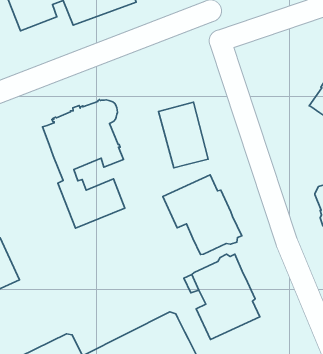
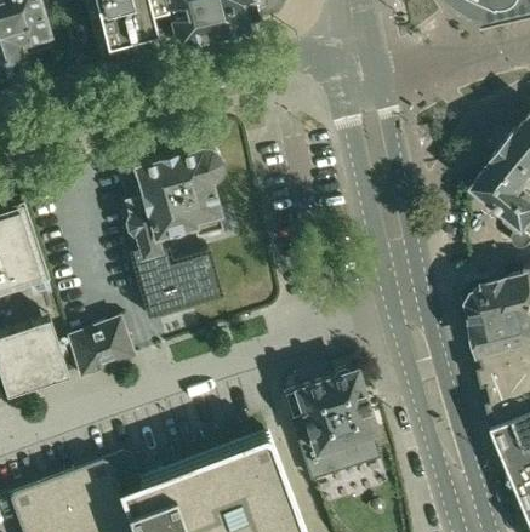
building: [158,102,208,168] -> none
building: [163,175,242,255] -> none
building: none -> [64,314,135,378]

